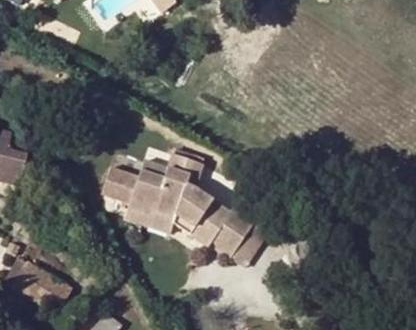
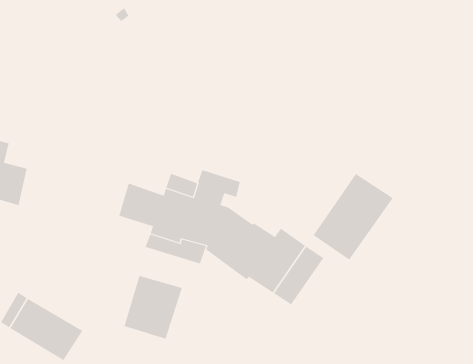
building: none -> [313,173,394,261]
building: none -> [124,275,182,339]

